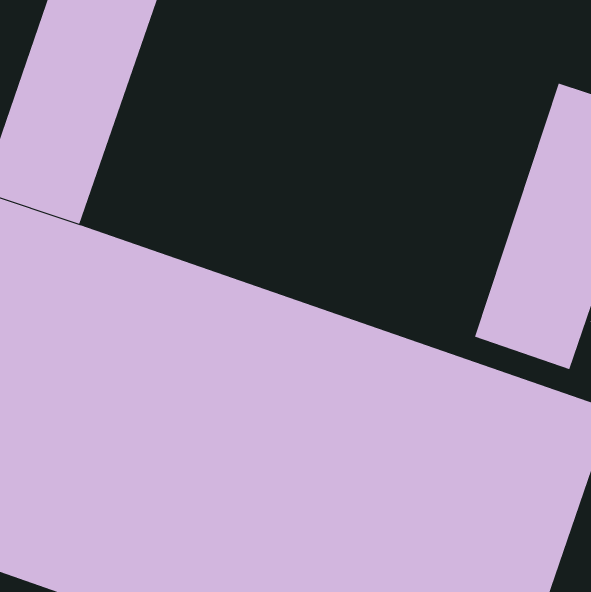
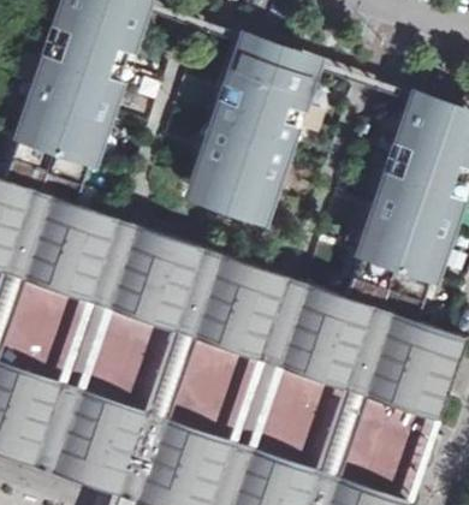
building: none -> [195,47,317,231]

